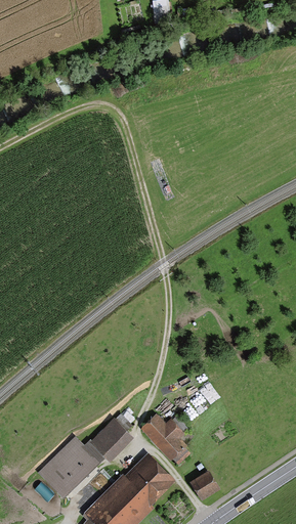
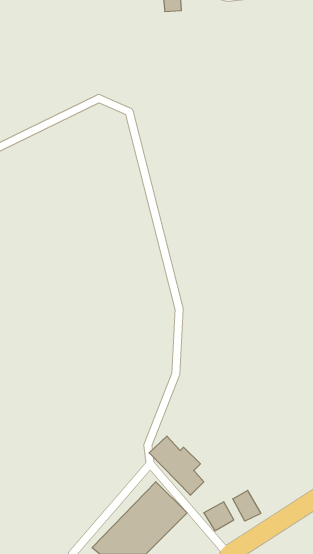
building: [37,421,129,499] -> none
building: none -> [233,490,261,521]

